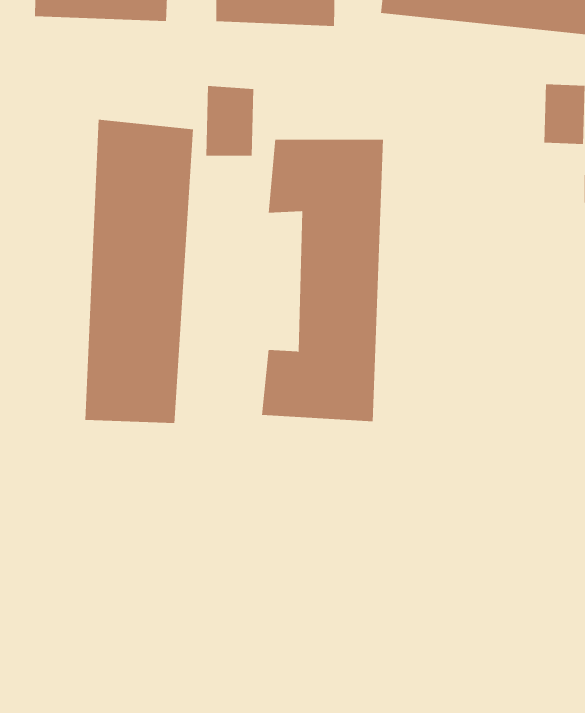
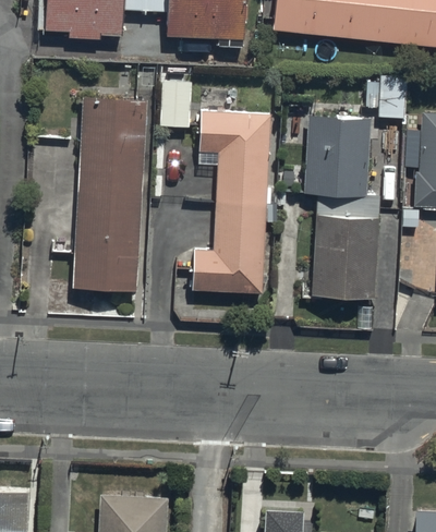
building: none -> [305,116,383,303]

